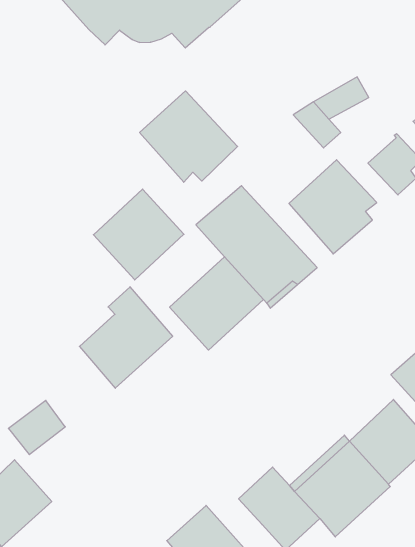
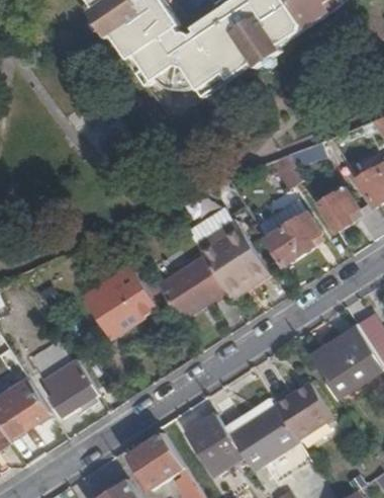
building: [140,91,238,182] -> none
building: [93,189,184,280] -> none
building: none -> [45,361,100,417]

